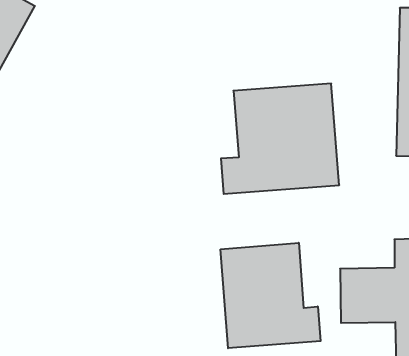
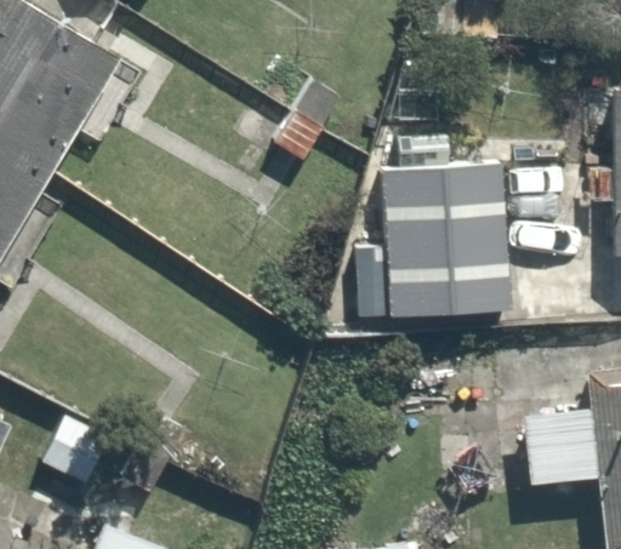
building: [221,243,321,348] -> none

